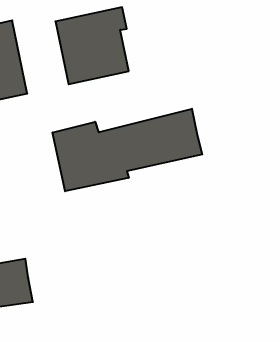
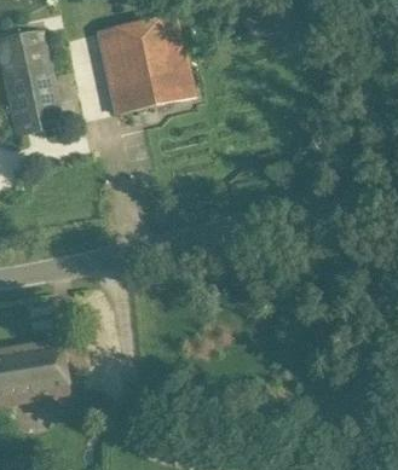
building: [53,109,202,191] -> none

